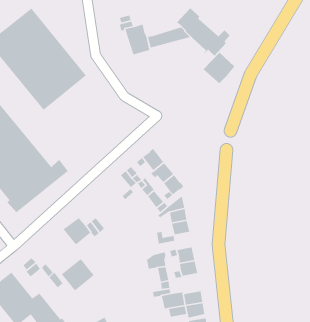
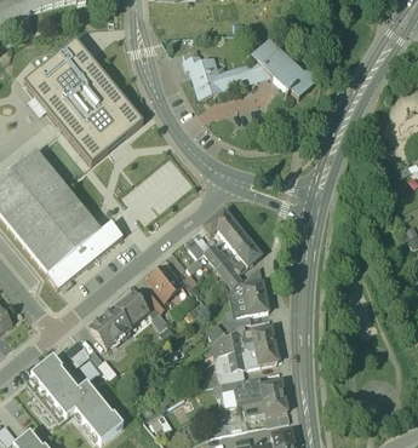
building: [203,52,235,84] -> none
building: none -> [149,266,183,300]
building: [61,258,95,291] -> [91,308,132,348]

